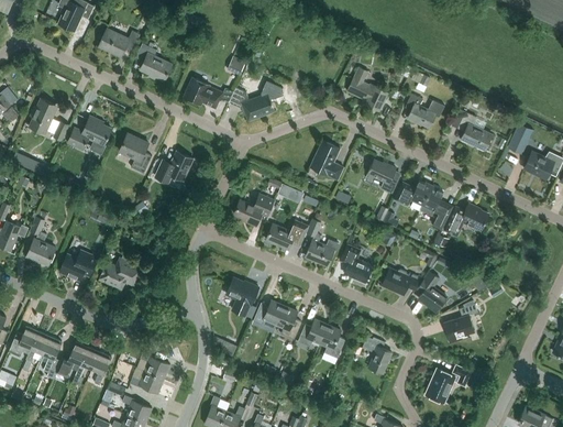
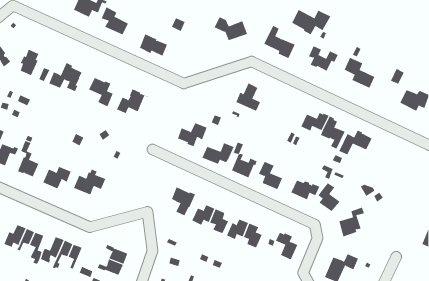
building: none -> [291,9,331,35]
building: [230,88,274,120] -> [214,16,248,41]
building: [367,160,398,193] -> none

